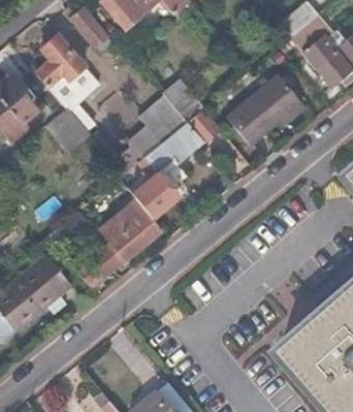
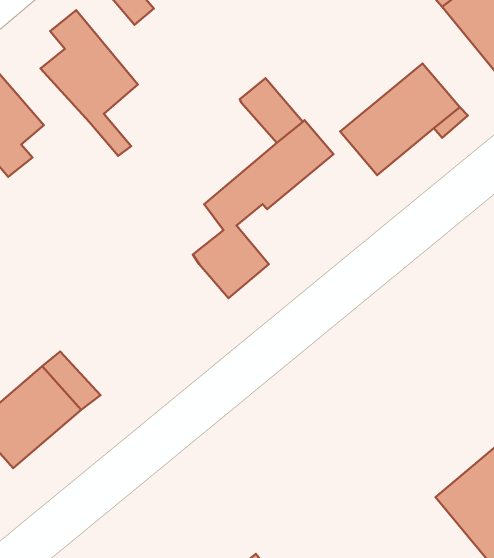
building: [126,96,185,160] -> none
building: [44,108,88,152] -> none
building: [78,199,162,288] -> none

